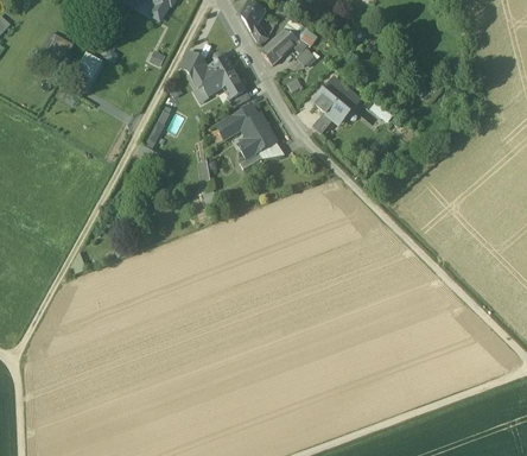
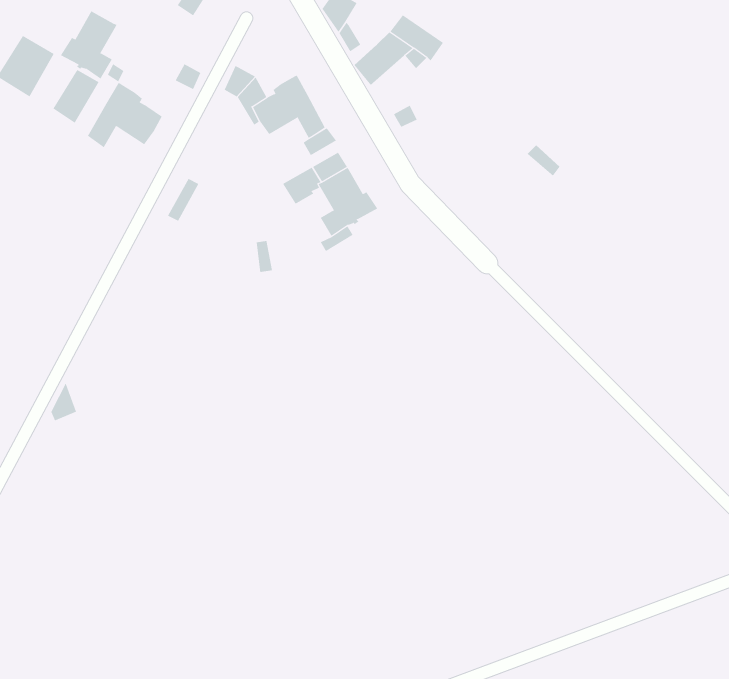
building: none -> [60,10,117,79]
building: none -> [87,82,163,148]
building: [312,82,357,121] -> none

